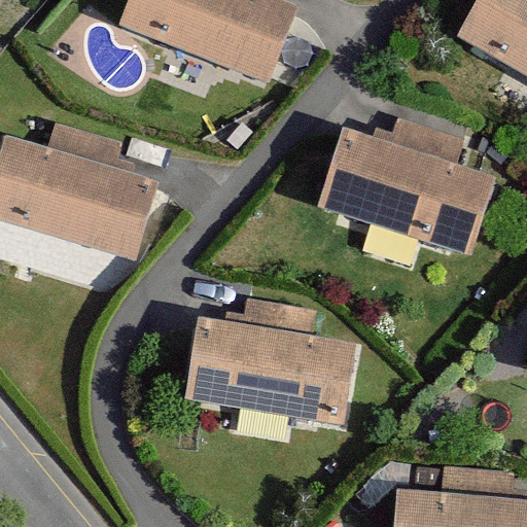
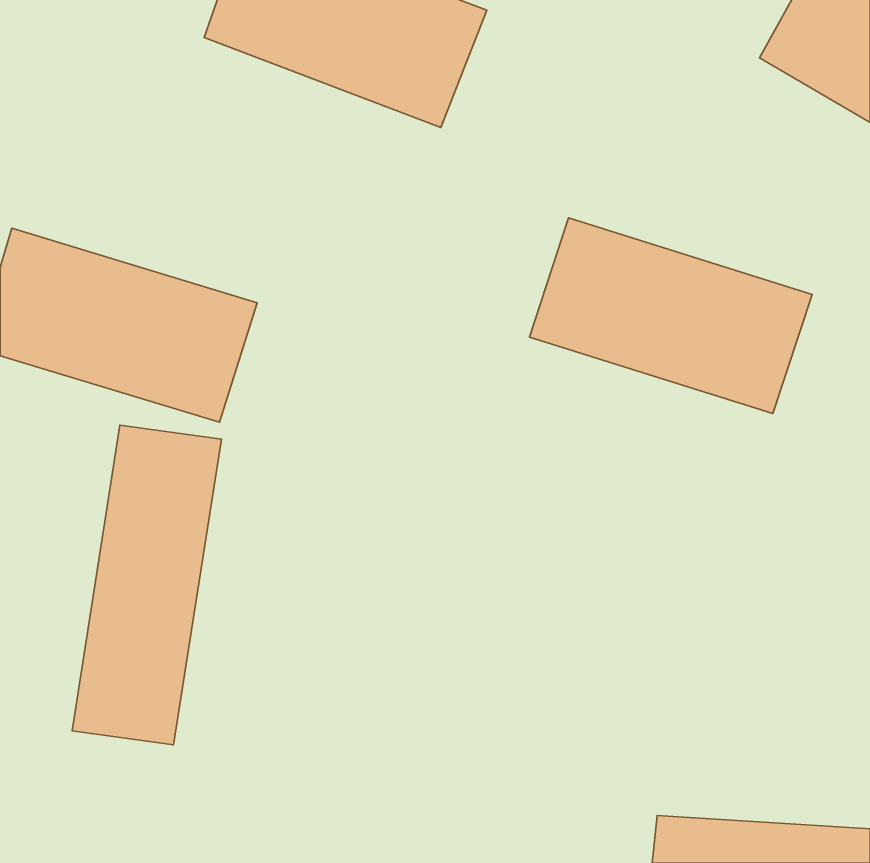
building: none -> [72,425,222,745]
building: [189,320,352,422] -> none

